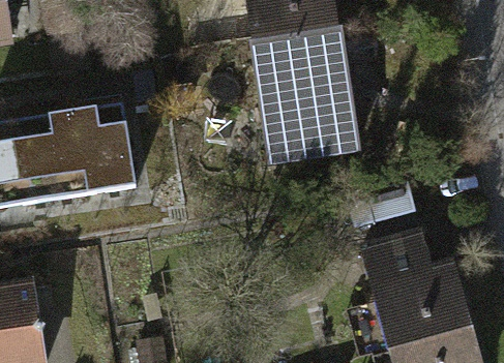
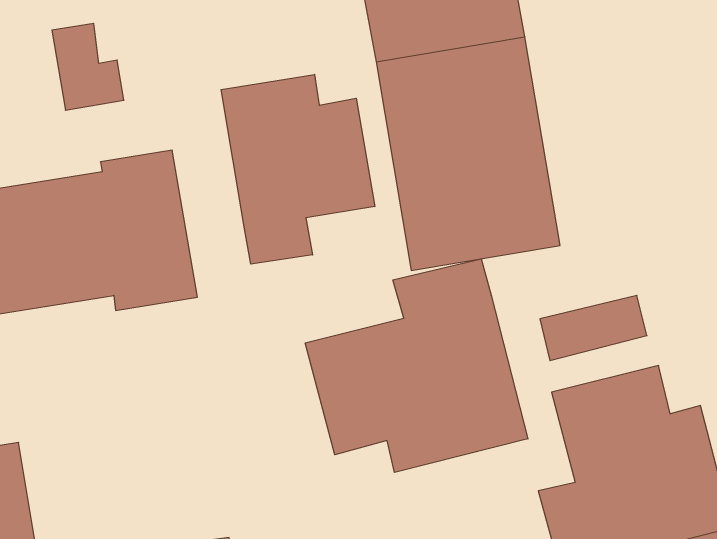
building: none -> [221,74,375,264]
building: none -> [305,259,528,472]

